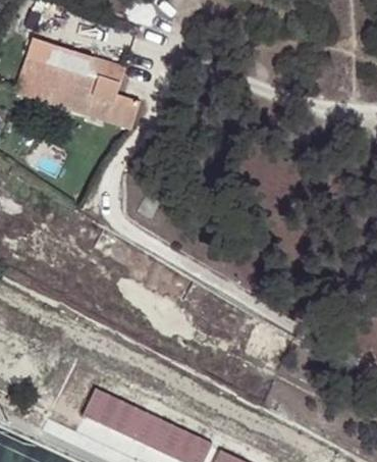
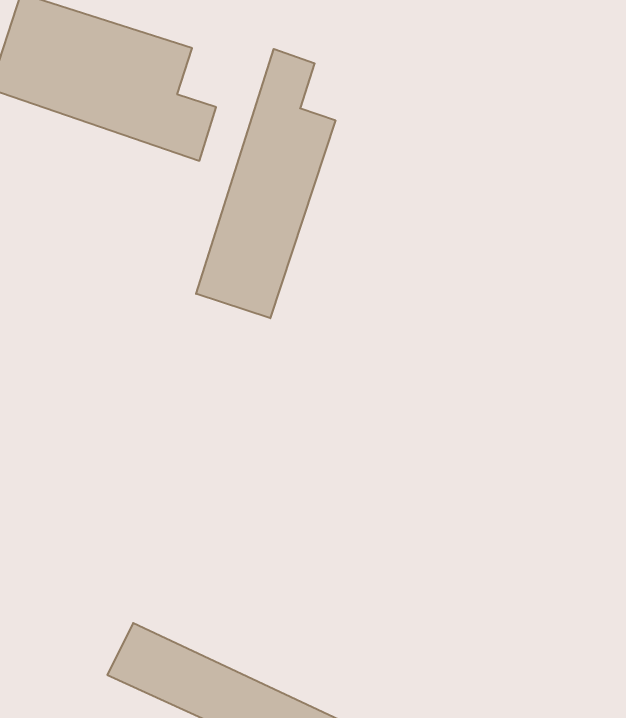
building: none -> [196,49,335,318]

